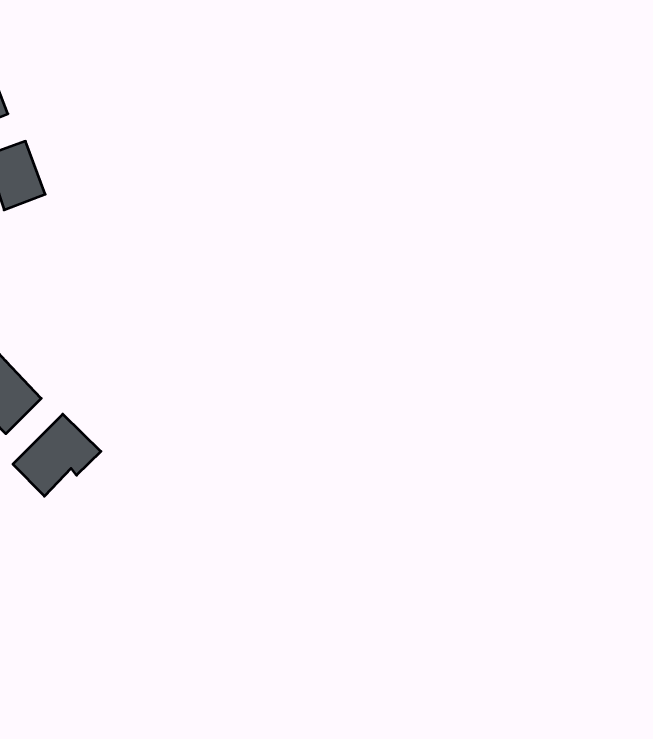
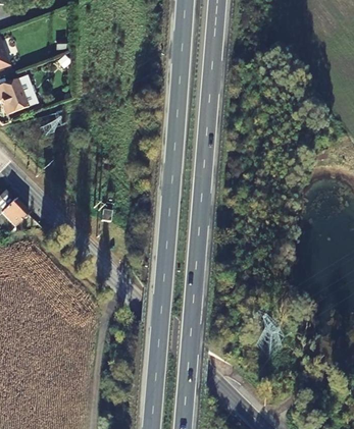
building: [13,414,101,496] -> none

